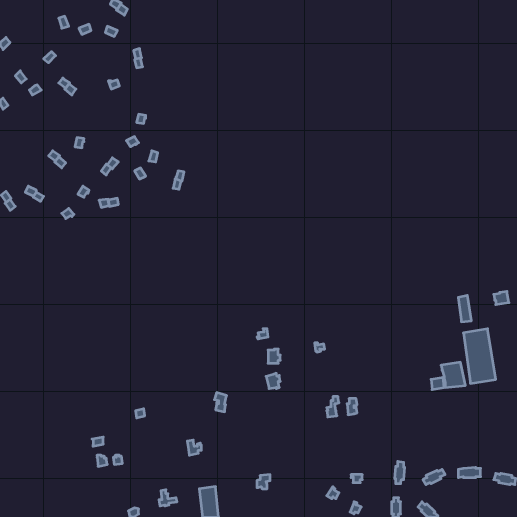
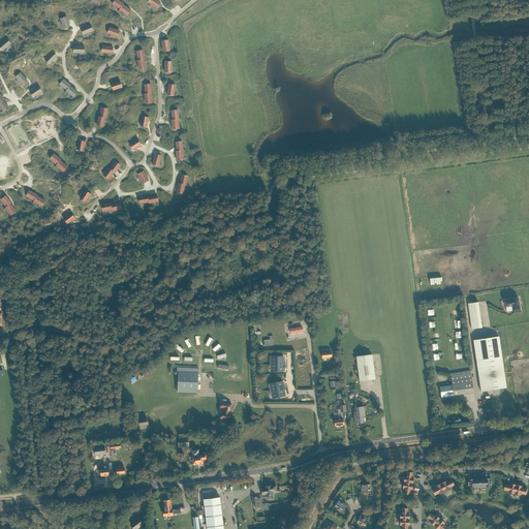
building: none -> [356,354,376,381]
building: none -> [177,371,198,393]

